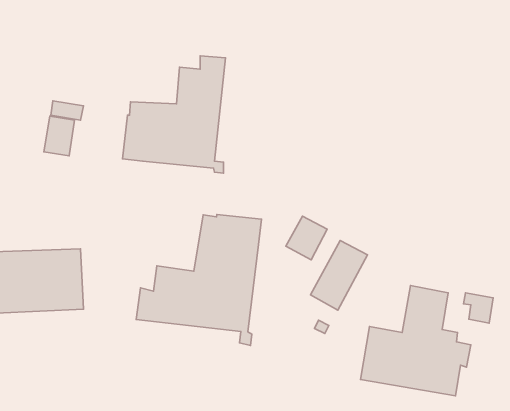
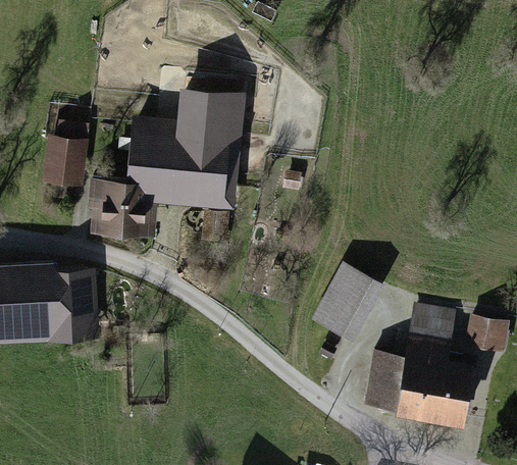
building: none -> [91,179,148,236]
building: [136,214,261,346] -> none
building: [286,216,327,260] -> none

